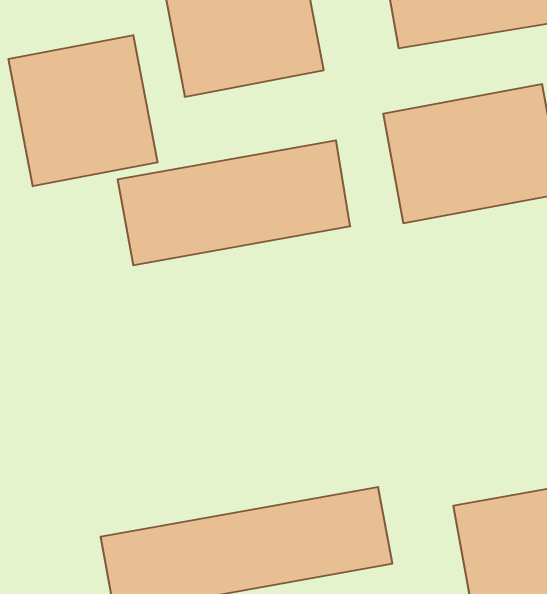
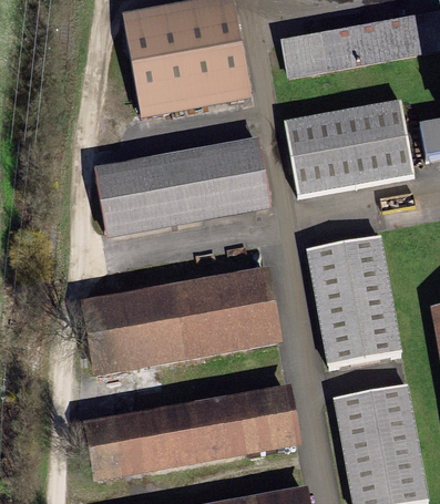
building: [8,35,158,186] -> none
building: none -> [309,237,398,366]
building: none -> [84,272,273,373]

